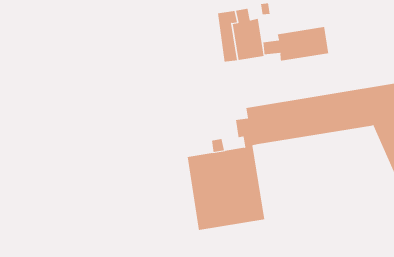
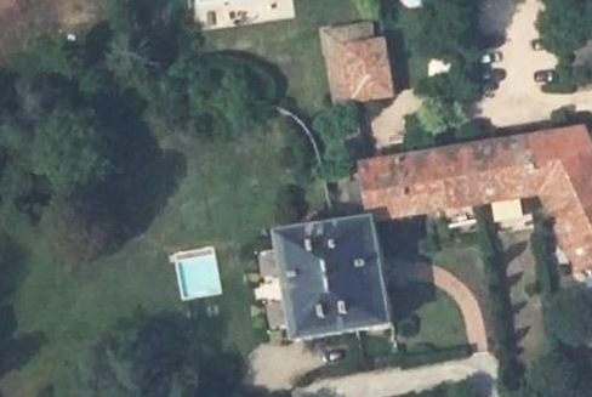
building: [263,26,329,62] -> none

